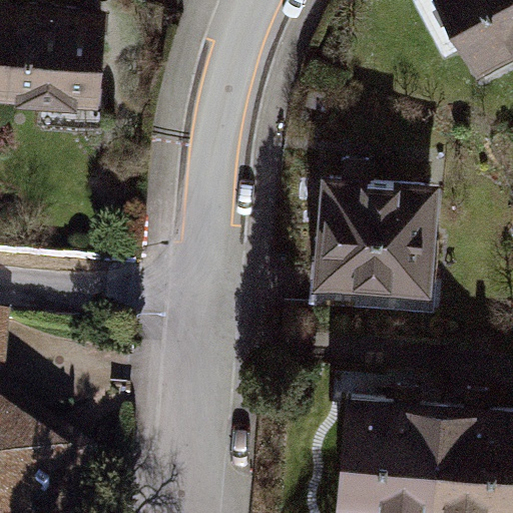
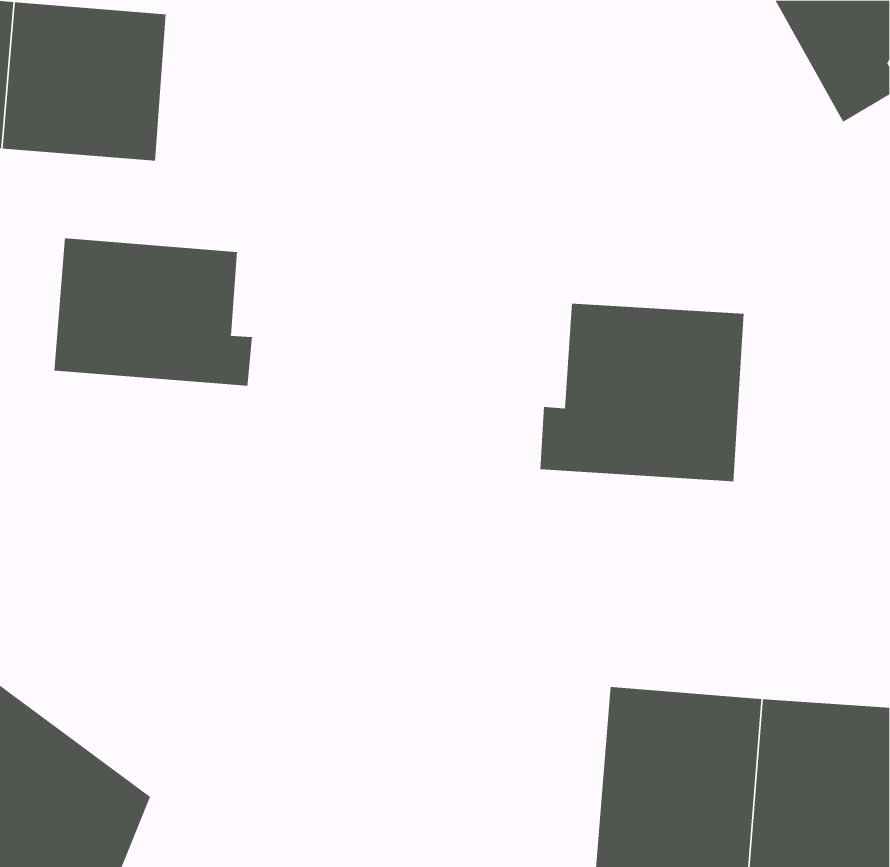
building: none -> [54,237,252,387]

